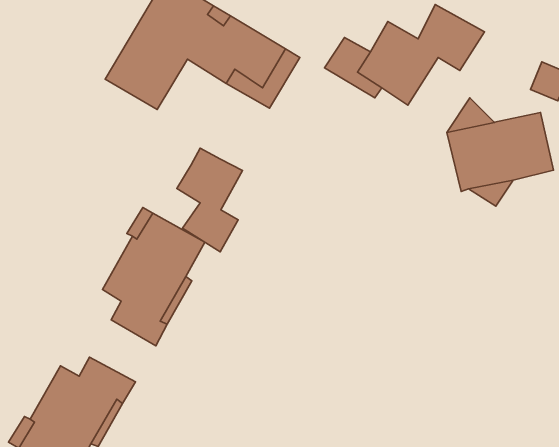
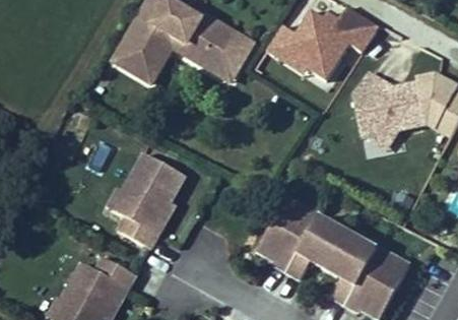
building: [177,148,242,252] -> none
building: none -> [264,195,412,313]

